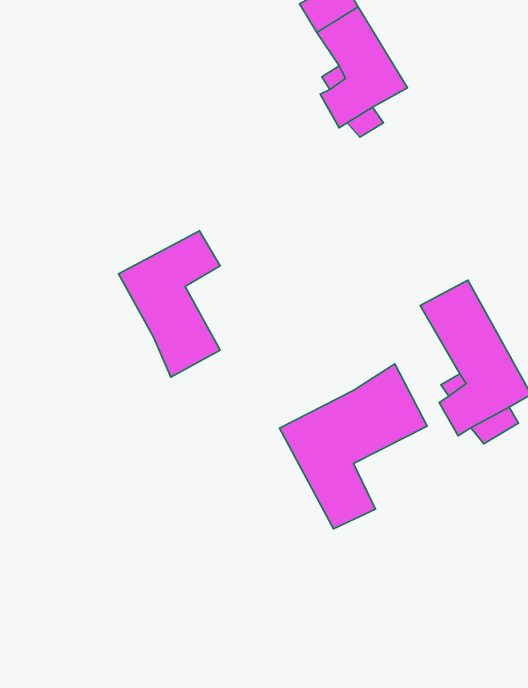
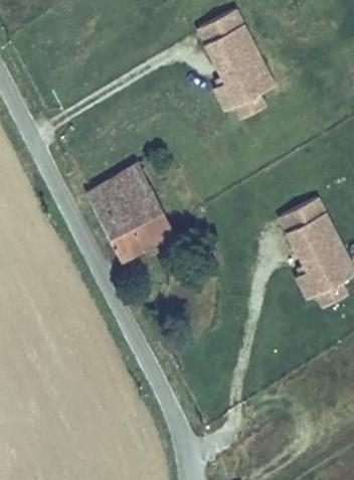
building: none -> [131,190,176,244]
building: [280,364,427,529] -> none

